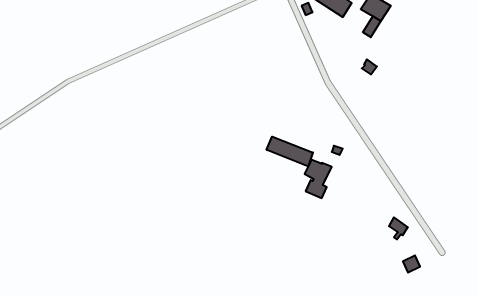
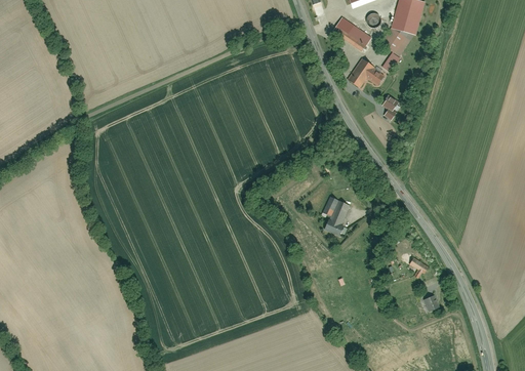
building: none -> [348,57,386,88]
building: [267,137,313,167] -> none

